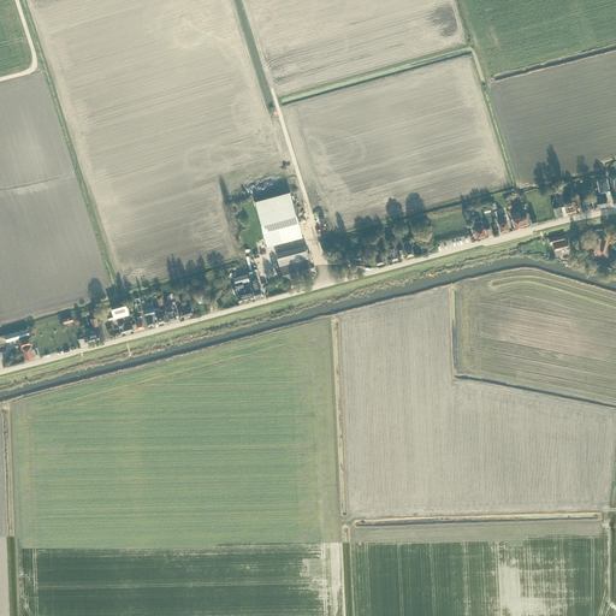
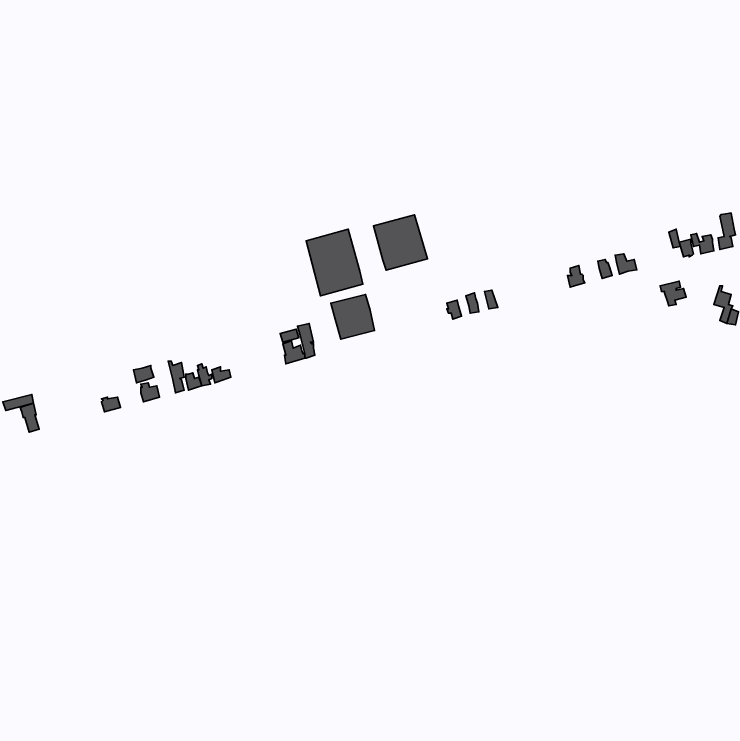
building: none -> [373,215,427,270]

